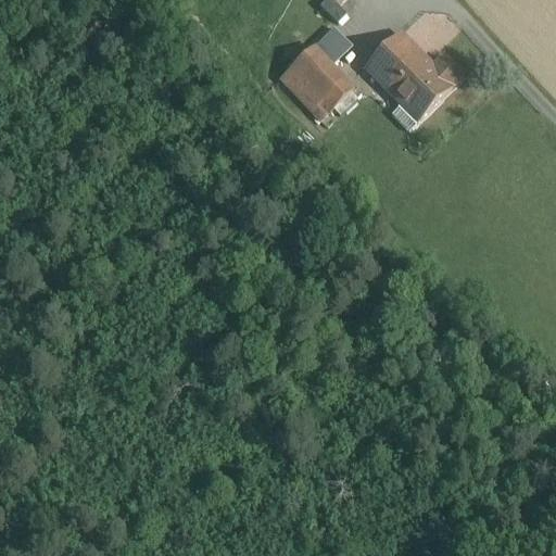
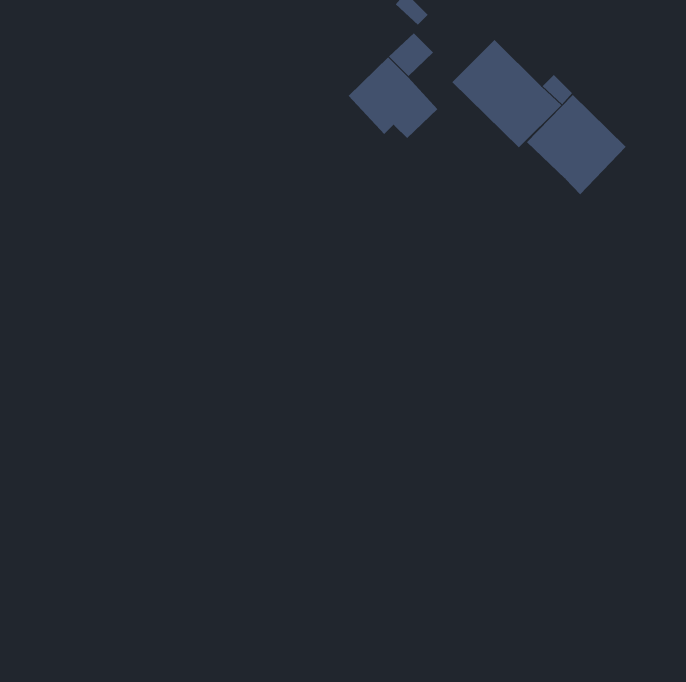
building: none -> [526,94,627,195]

